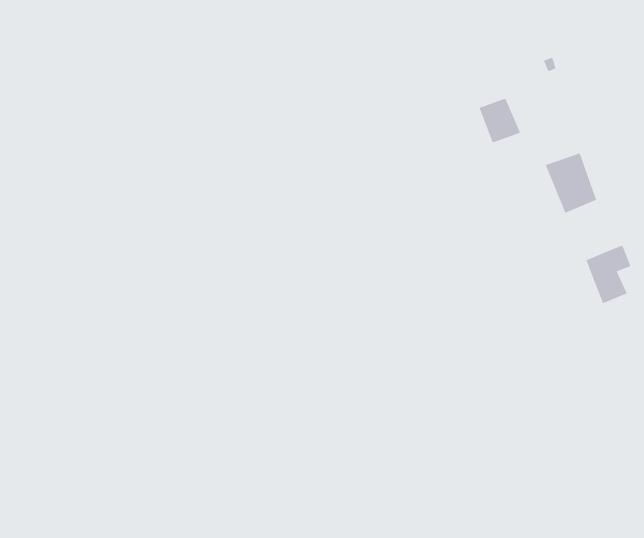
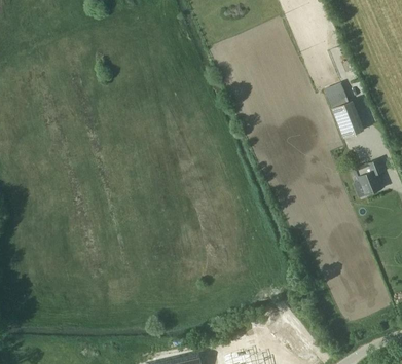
building: [478,97,521,143] -> [323,81,349,109]

